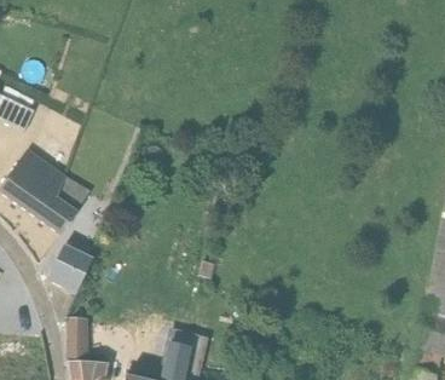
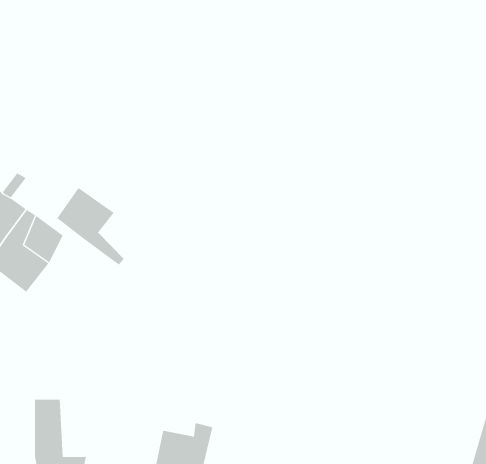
building: none -> [56,187,125,266]
building: [46,246,92,293] -> none

